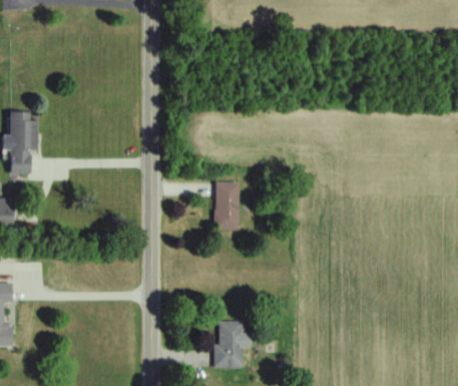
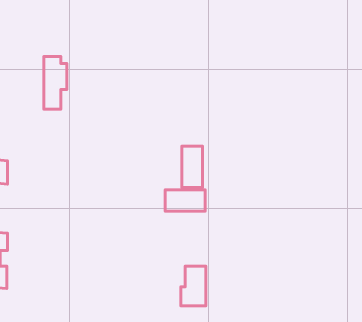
building: [10,111,37,172] -> [44,57,67,109]
building: none -> [165,190,205,211]

